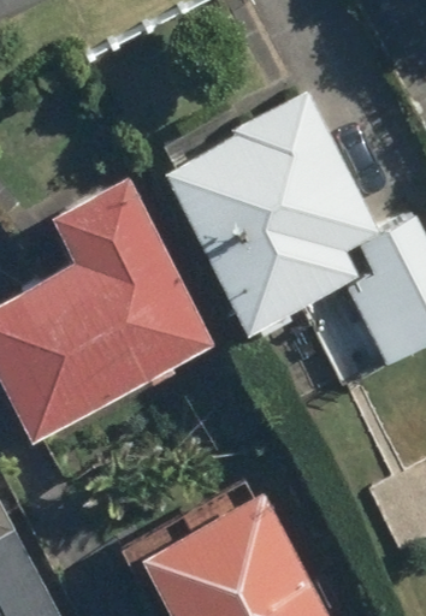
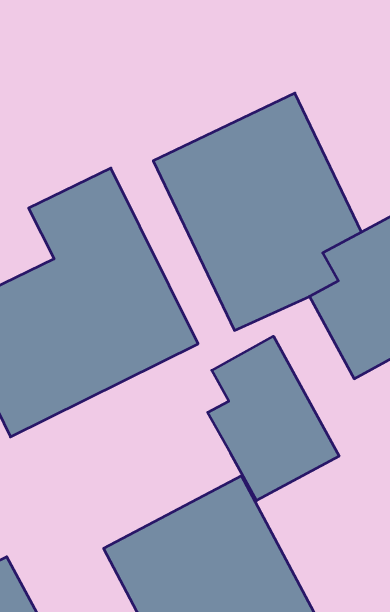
building: none -> [208,336,339,501]

